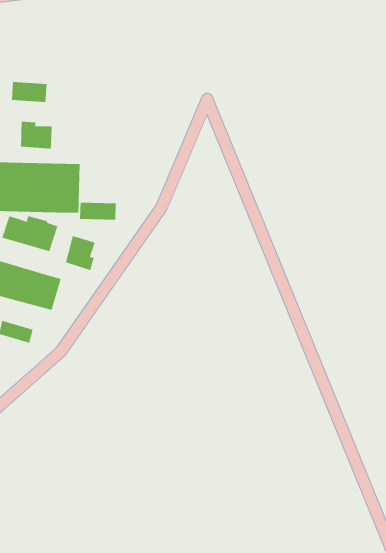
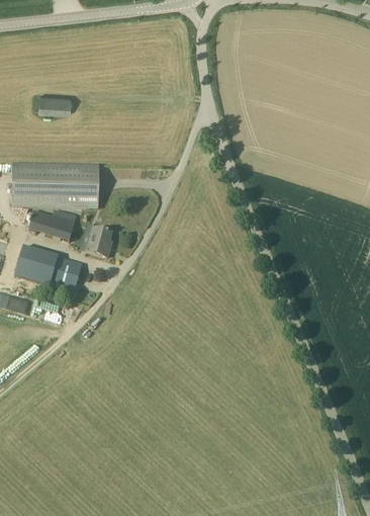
building: [21,121,52,150] -> none
building: [80,202,116,220] -> none

